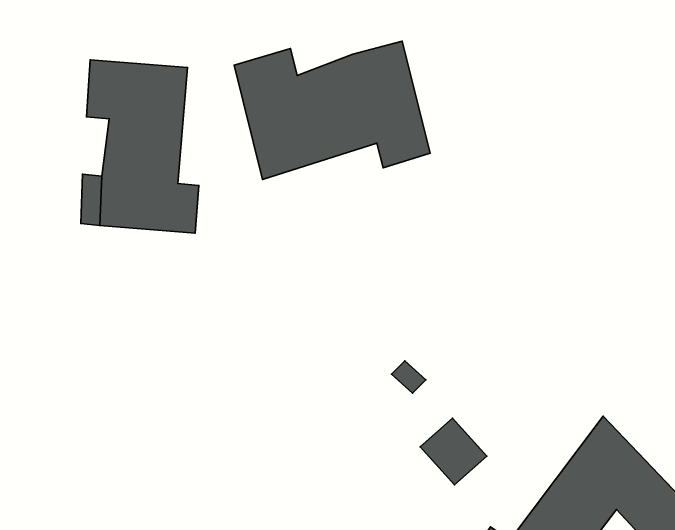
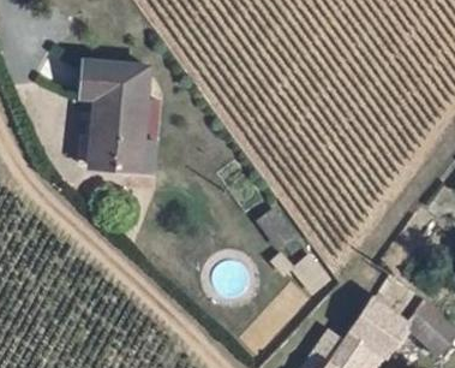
building: [234,41,430,180] -> none

